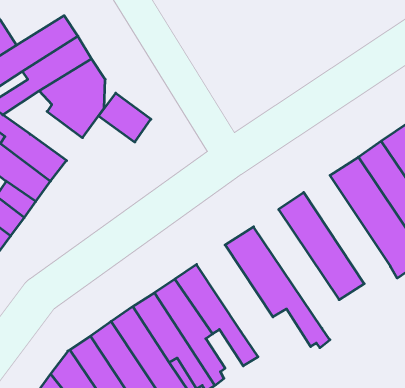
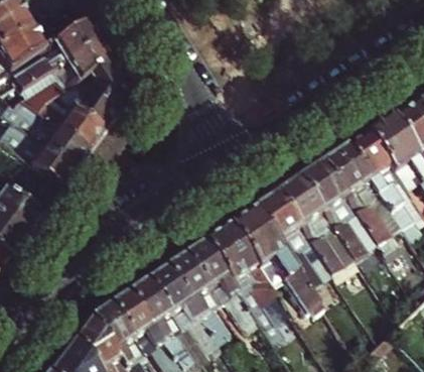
building: [98,93,151,142] -> [56,105,103,148]
building: none -> [298,161,375,257]
building: none -> [254,192,329,296]
building: none -> [203,223,291,327]

